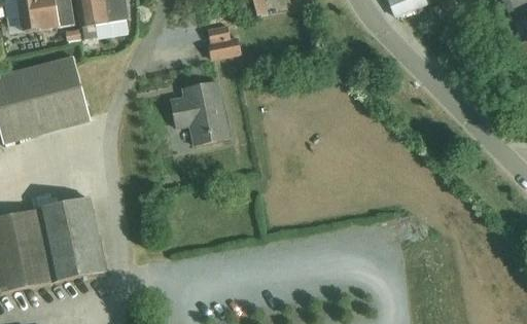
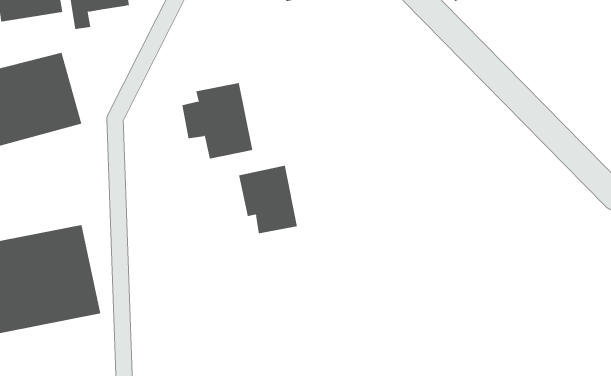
building: [208,26,239,60] -> none
building: none -> [239,165,297,234]

